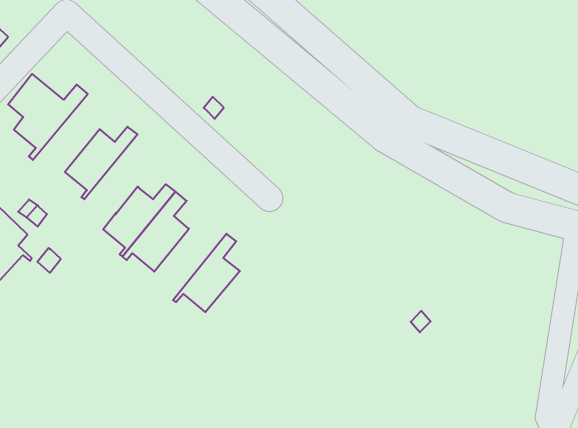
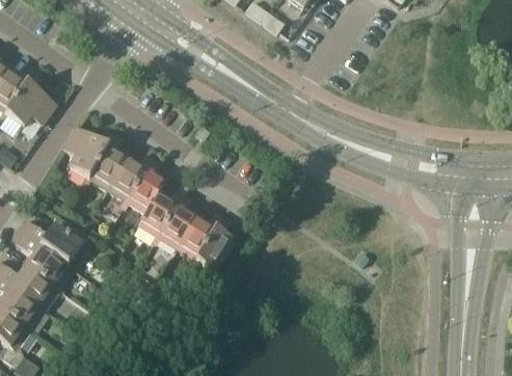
building: none -> [85,133,128,188]
building: none -> [124,156,166,212]
building: none -> [178,210,223,265]

